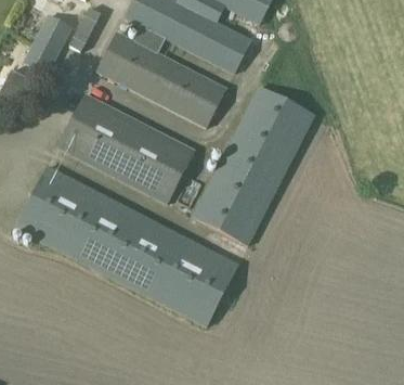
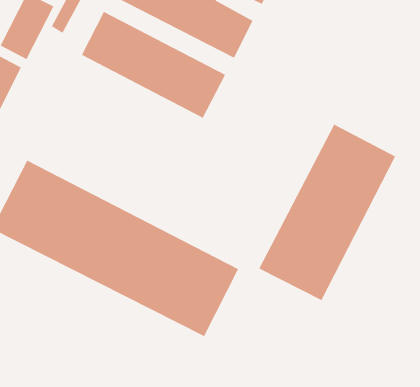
building: [191,85,315,245] -> [258,124,396,301]
building: [56,92,195,203] -> none

